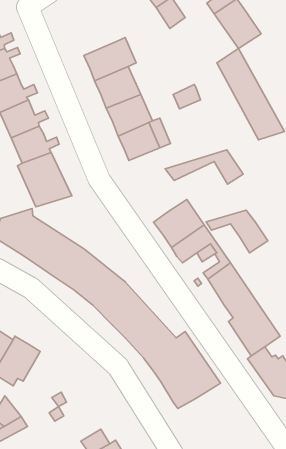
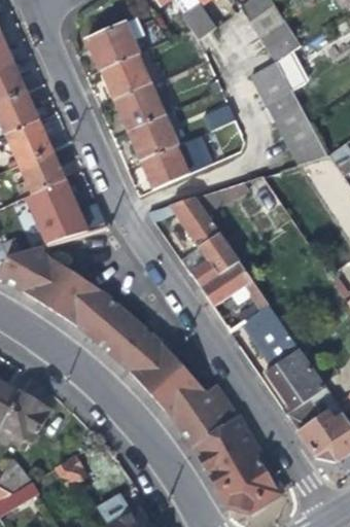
building: none -> [86,14,147,69]
building: [206,210,268,253] -> [147,198,217,246]
building: none -> [207,442,283,511]

